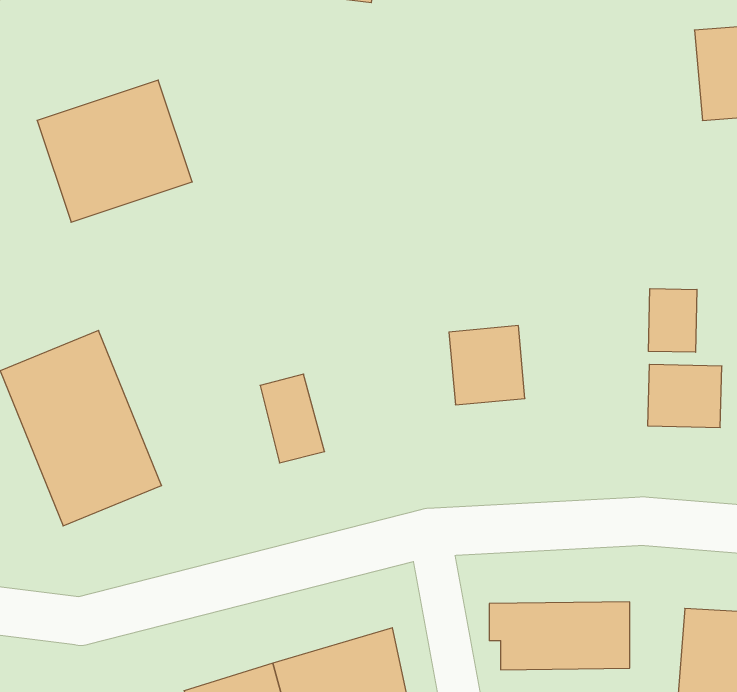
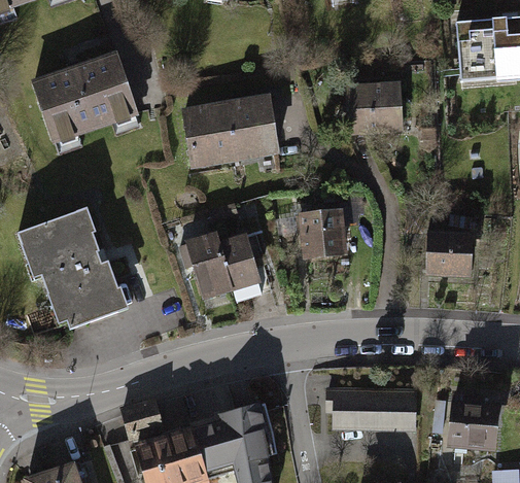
building: none -> [346,79,407,135]
building: none -> [183,94,281,167]
building: [648,289,697,352] -> none
building: none -> [208,232,249,289]

